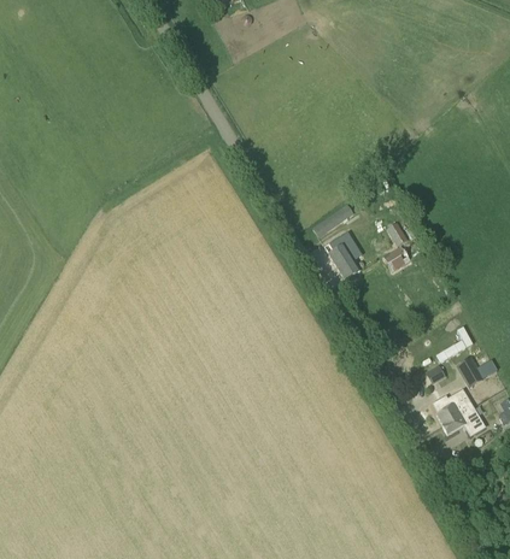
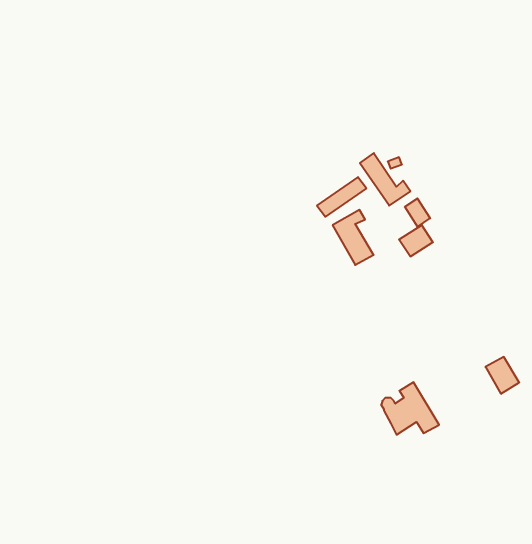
building: none -> [360,153,410,206]
building: [436,389,486,434] -> [381,382,439,435]

